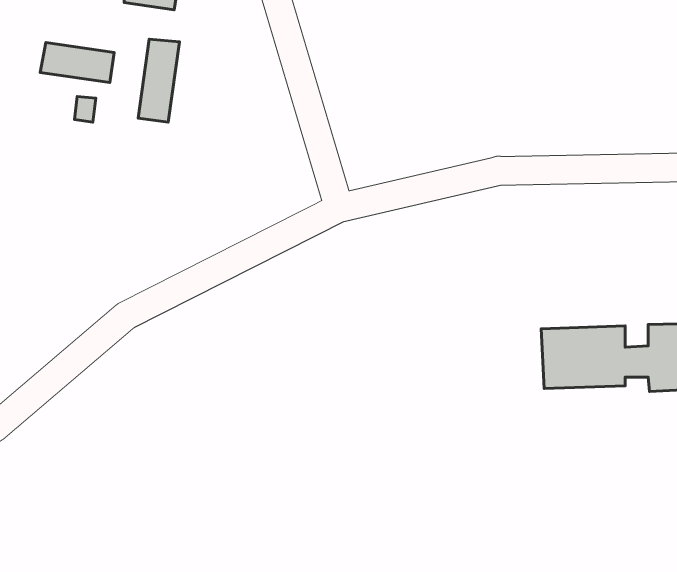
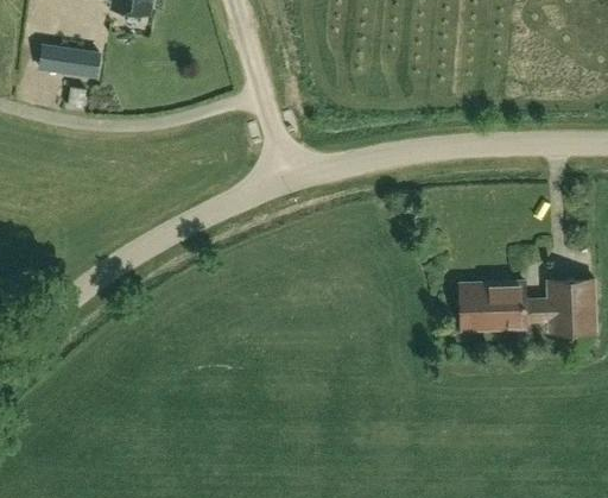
building: [138,39,180,122] -> none

